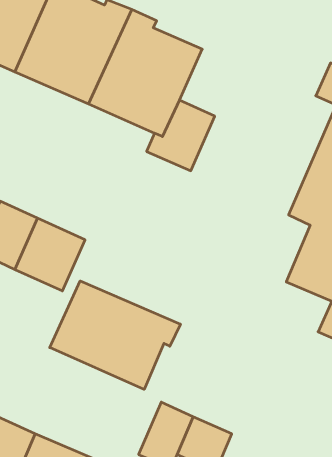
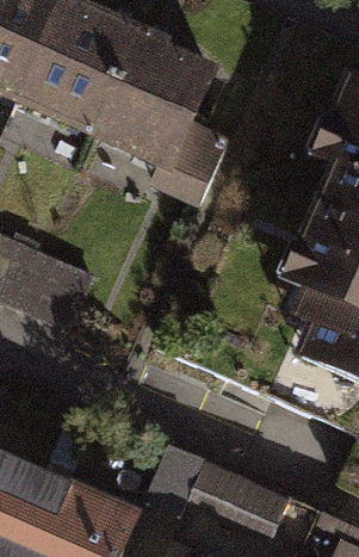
building: [50,281,180,389] -> none

